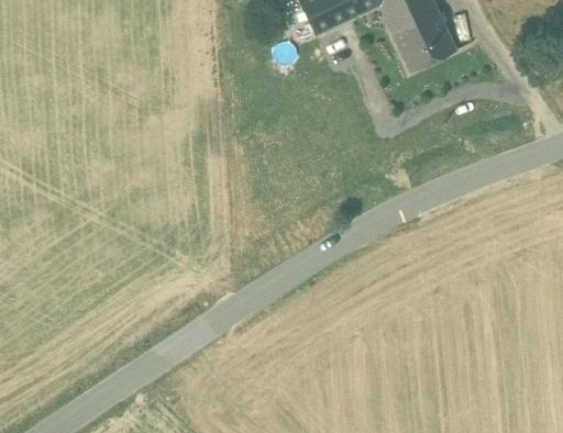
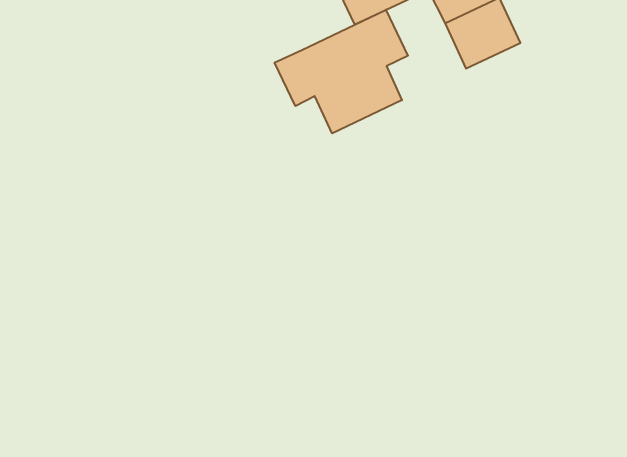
building: none -> [275,10,408,133]

